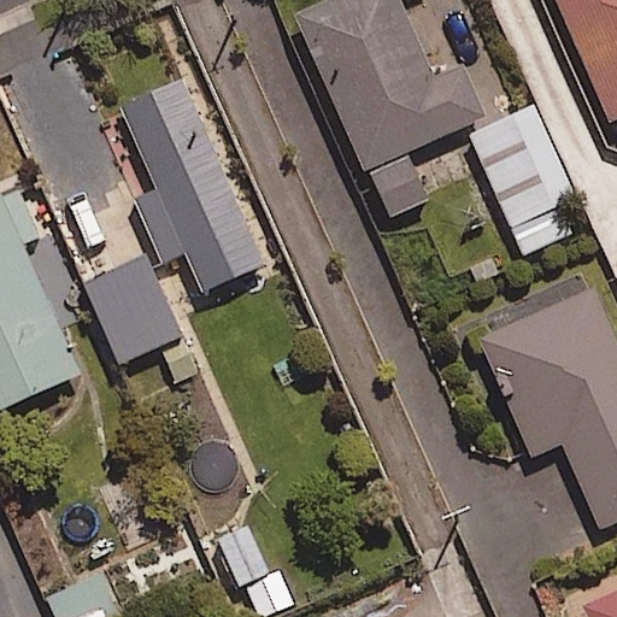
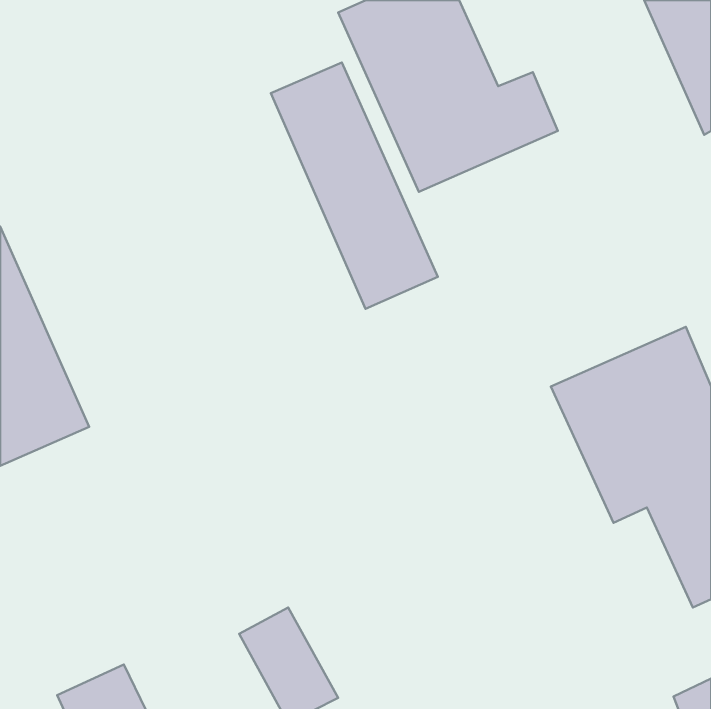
building: [119,76,264,289] -> [271,63,438,309]
building: [472,111,575,258] -> none
building: [87,265,182,368] -> none

